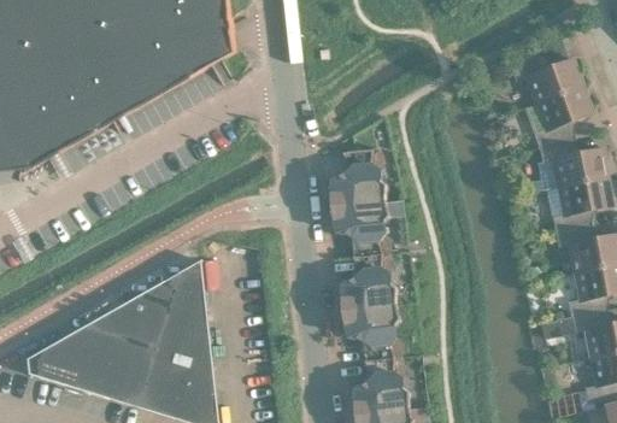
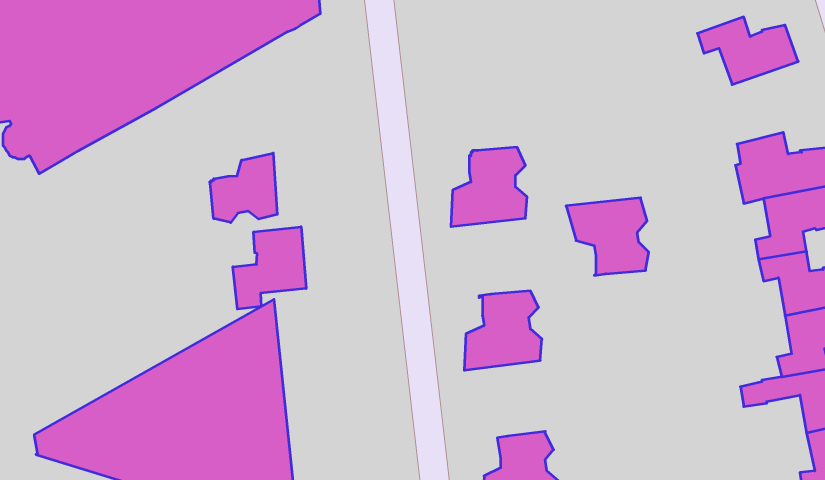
building: [523,86,592,146] -> none
building: none -> [210,153,277,223]
building: [329,200,389,257] -> [566,198,649,275]
building: none -> [233,227,306,309]
building: [339,304,401,362] -> none

